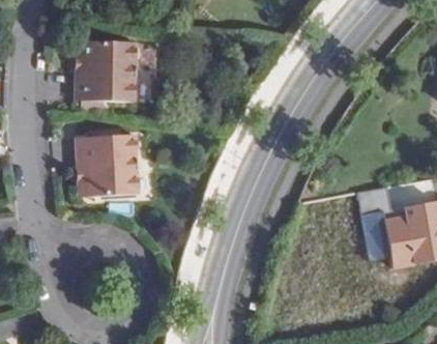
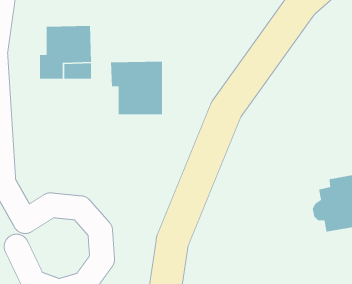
building: [75,139,133,199] -> [110,61,163,115]

